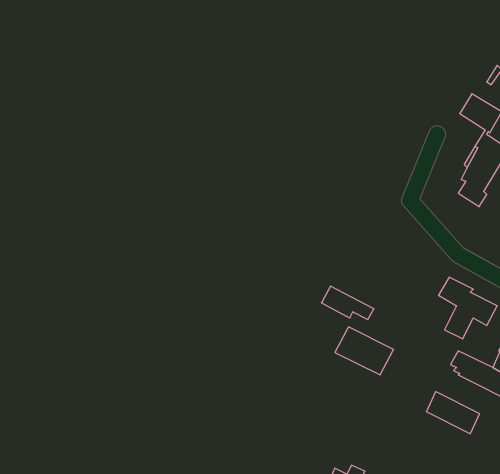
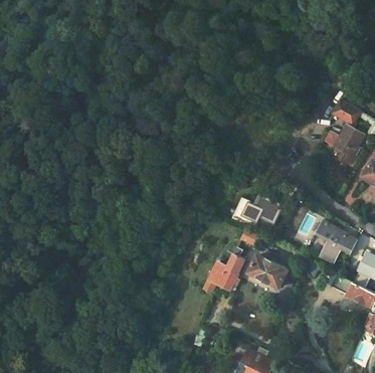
building: none -> [233,194,283,222]
building: none -> [204,252,245,292]
building: [426,392,480,434] -> none

